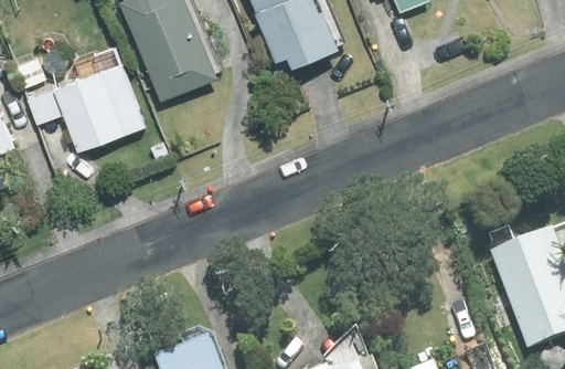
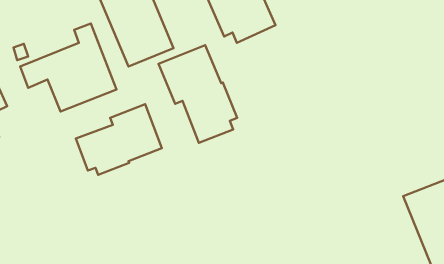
building: none -> [158,45,237,143]
building: none -> [76,104,162,175]

